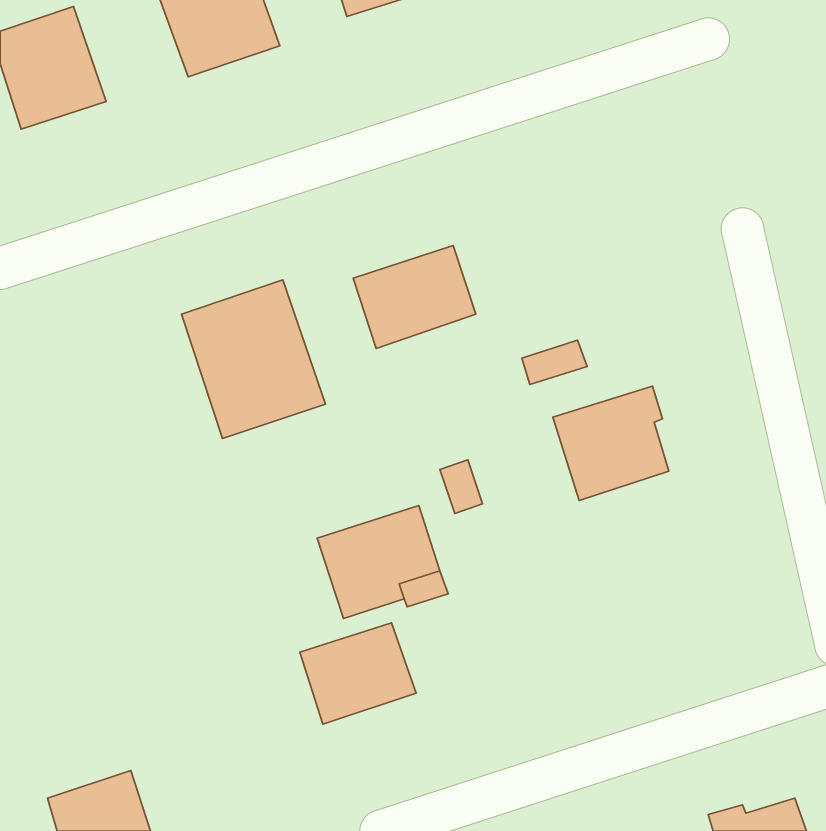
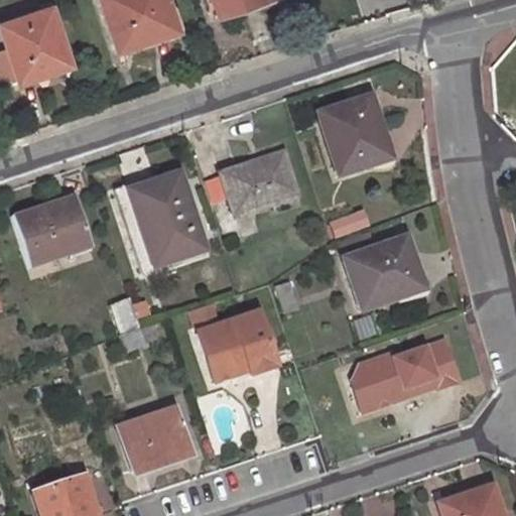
building: none -> [321,99,392,176]
building: none -> [15,195,95,269]
building: none -> [344,339,458,410]
building: [300,623,416,724] -> [121,408,192,471]

